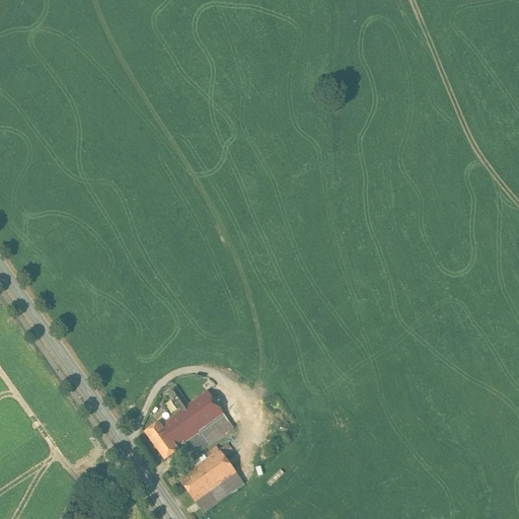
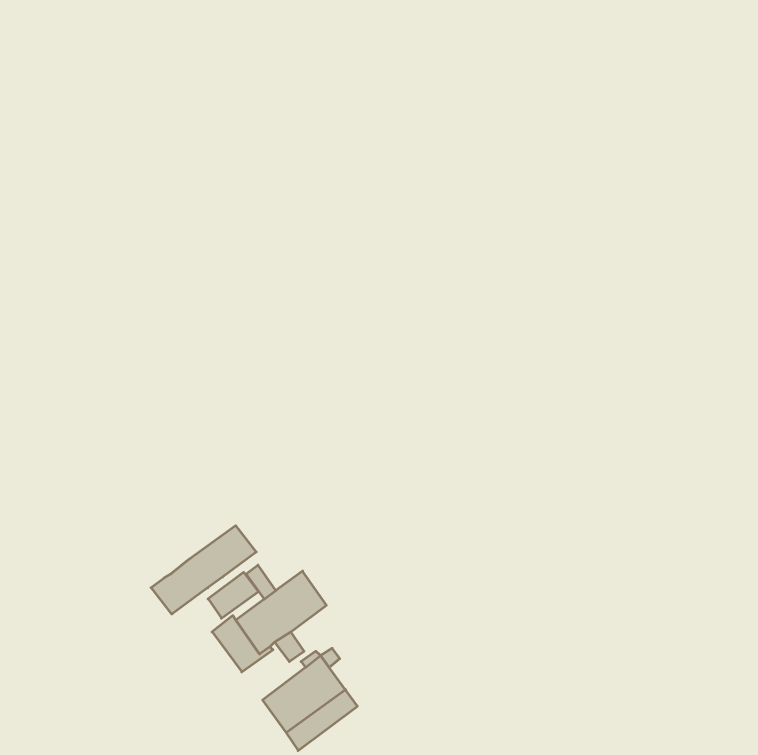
building: none -> [151,526,256,614]
building: [199,414,233,445] -> [208,572,259,618]

